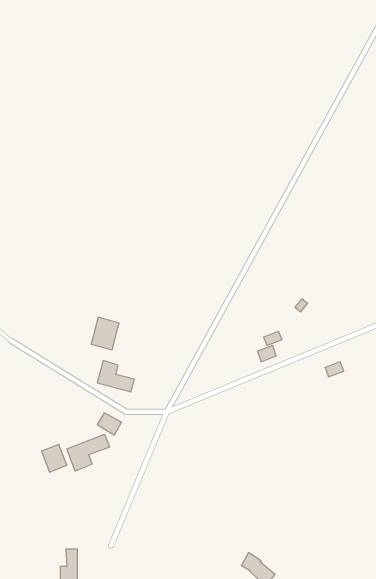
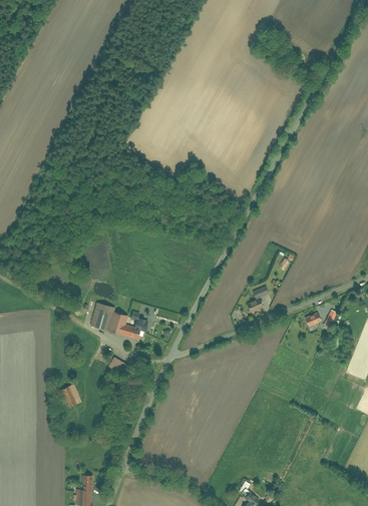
building: [91,317,119,350] -> [90,304,114,332]
building: [67,434,109,471] -> none

